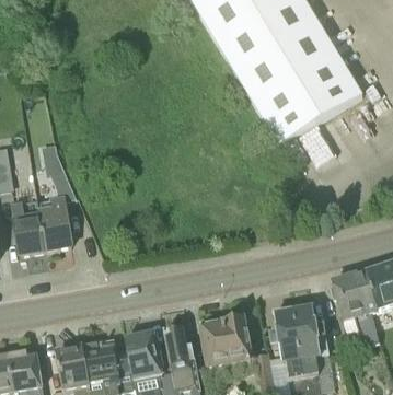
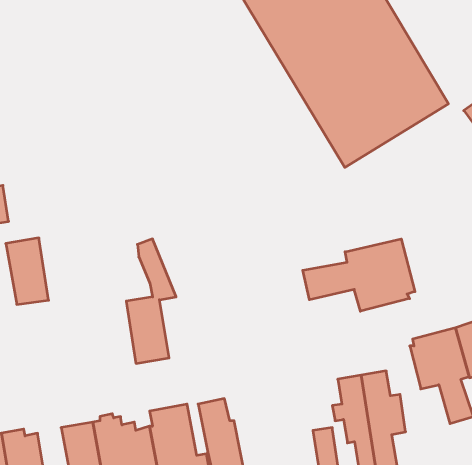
building: [37,151,77,249] -> [126,239,176,363]
building: none -> [303,239,415,311]
building: [200,317,251,368] -> none

